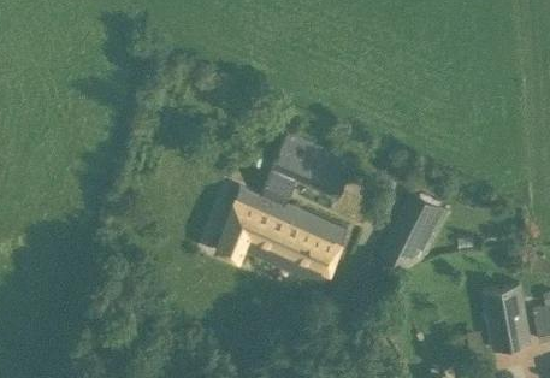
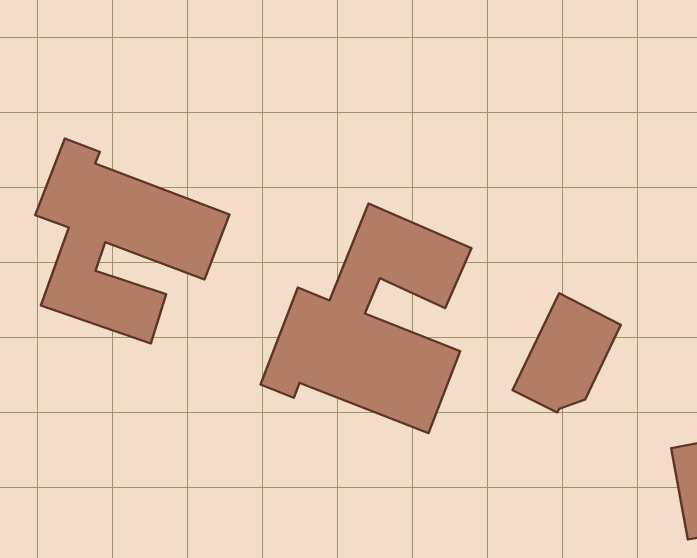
building: none -> [35,139,229,343]

